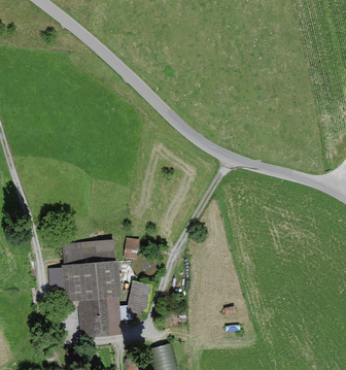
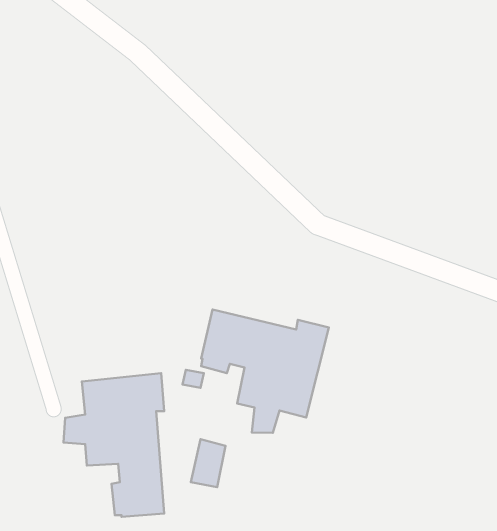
building: none -> [201,310,329,433]

